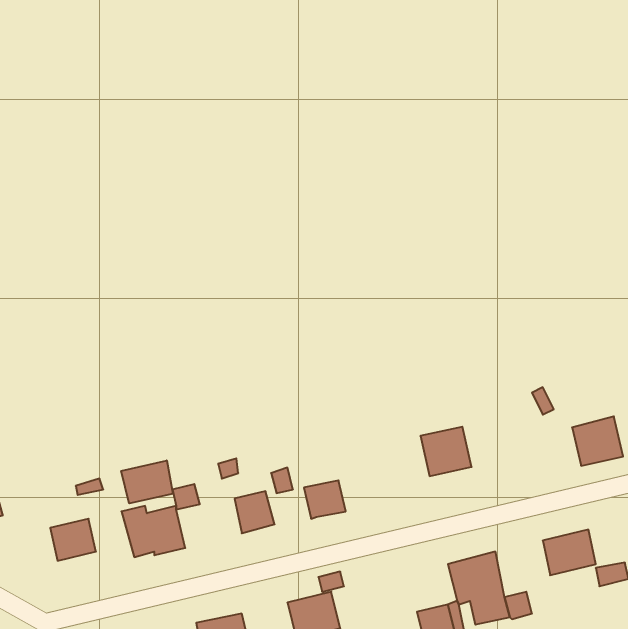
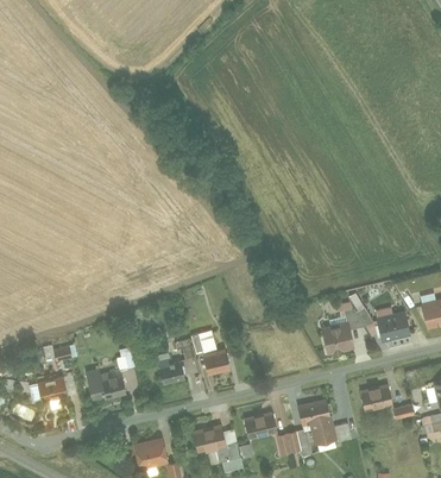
building: [420,427,472,476] -> [320,322,353,354]
building: [121,460,173,503] -> none
building: none -> [242,410,277,440]

